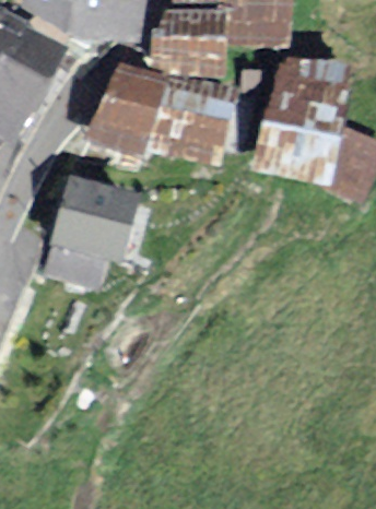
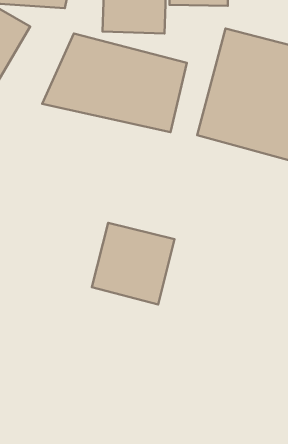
building: [50,177,139,264] -> [92,223,174,304]

